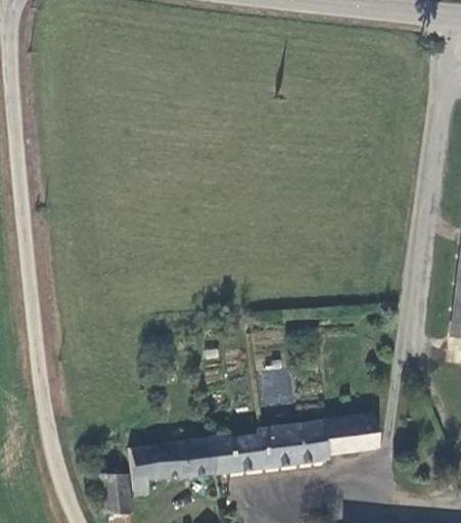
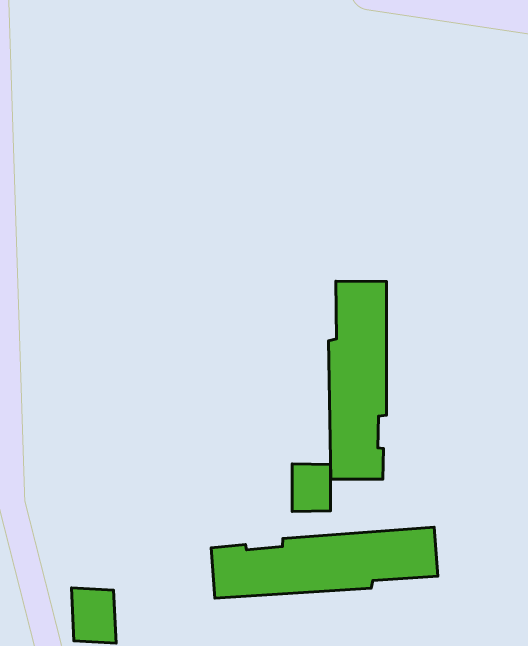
building: none -> [328,281,387,479]
building: [126,437,206,500] -> none

